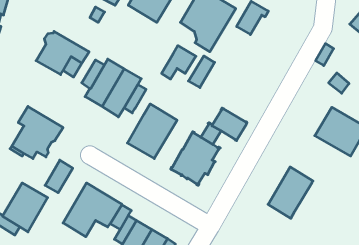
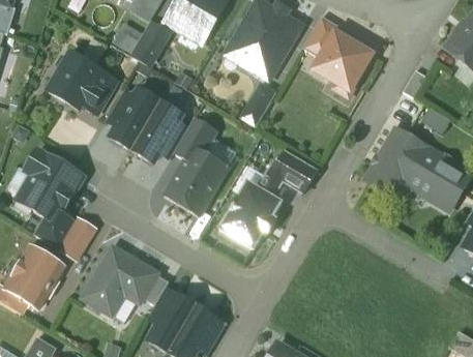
building: none -> [129,21,166,63]
building: none -> [314,32,371,89]
building: [162,46,196,79] -> [173,116,216,158]
building: none -> [33,206,73,247]
building: [268,167,313,218] -> [367,129,424,195]

